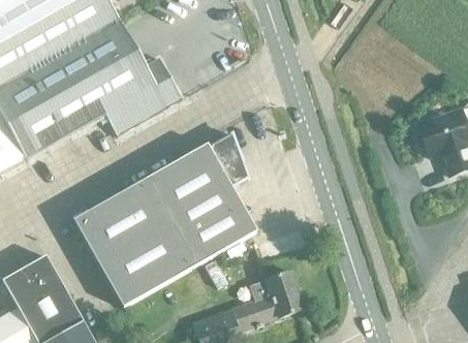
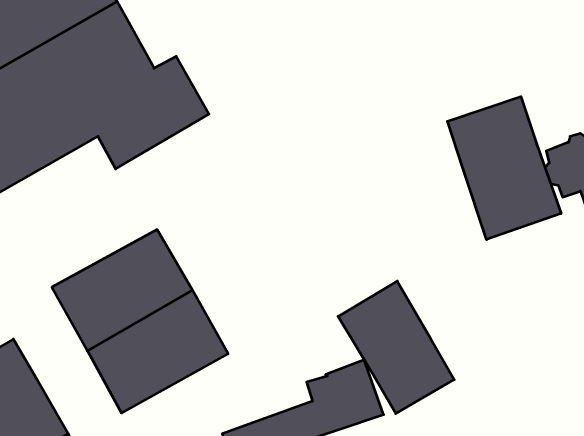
building: none -> [447,97,561,240]
building: [146,135,256,266] -> none
building: none -> [338,281,454,414]

